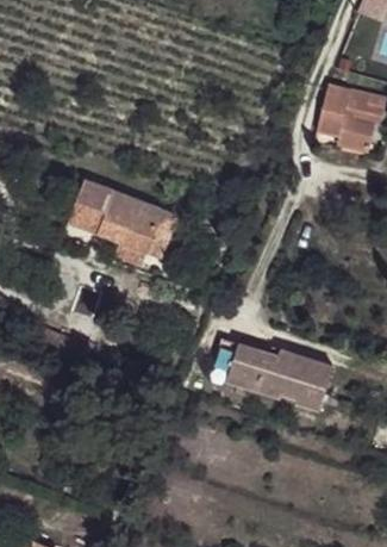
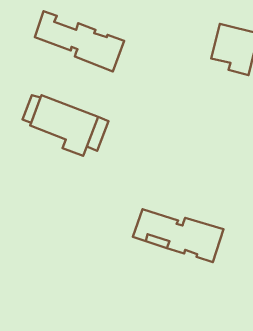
building: none -> [35,11,124,71]

